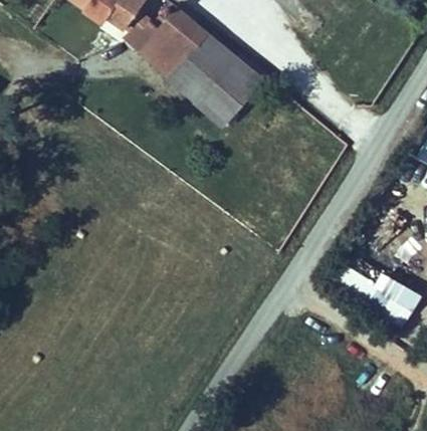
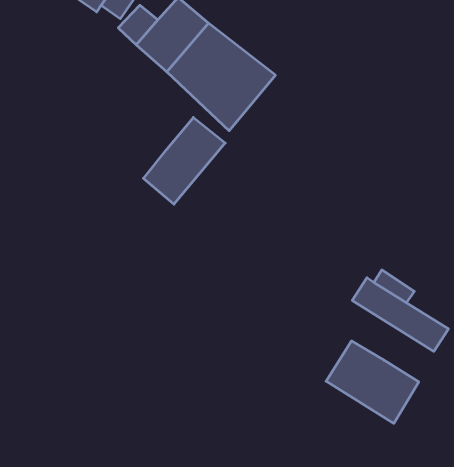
building: none -> [143,117,225,204]
building: none -> [326,341,419,423]

